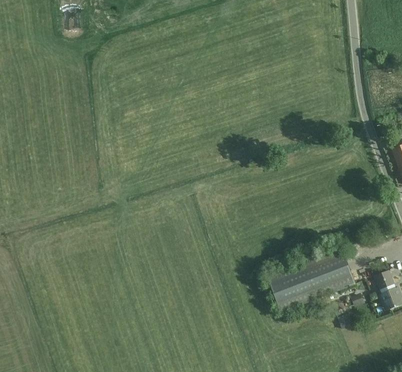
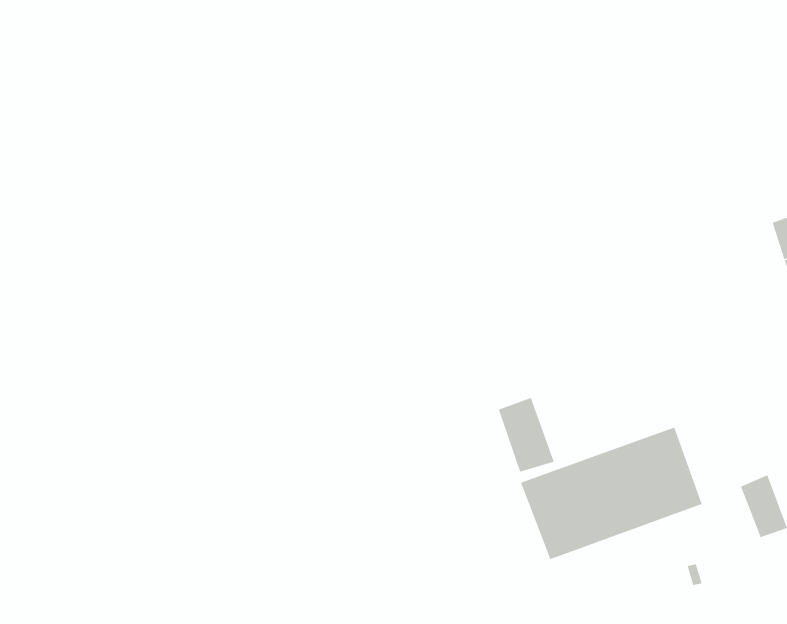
building: none -> [498,397,554,473]

